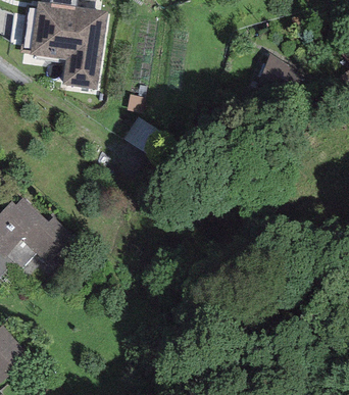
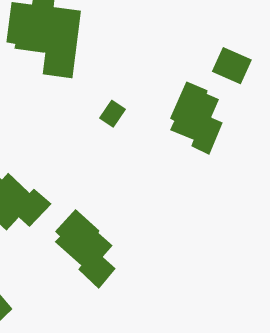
building: none -> [169,80,223,156]
building: none -> [54,208,116,290]

